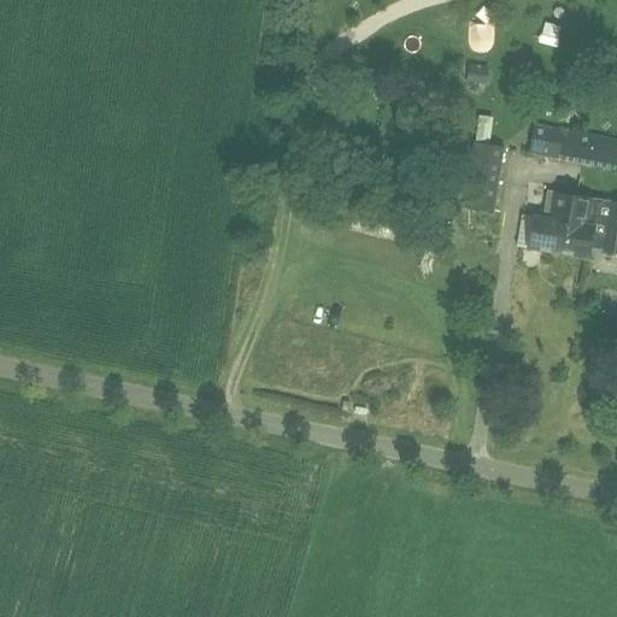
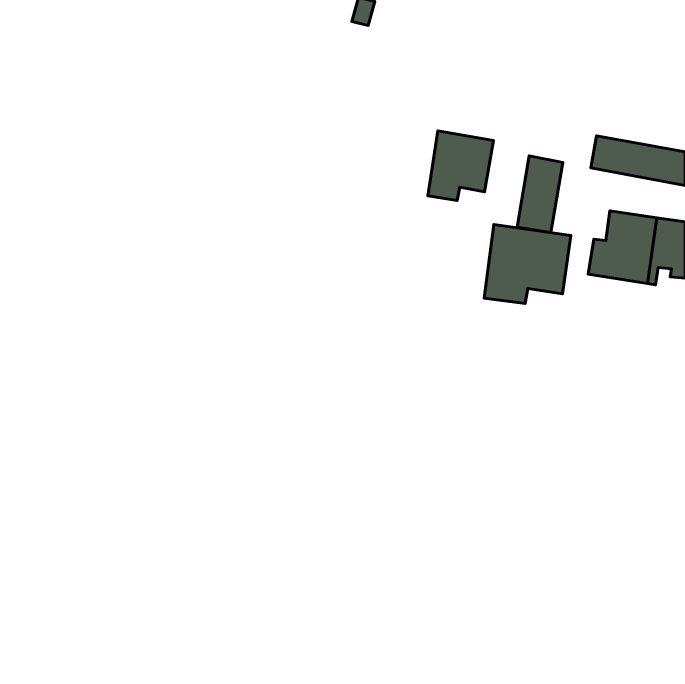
building: none -> [428,131,493,200]
building: none -> [484,224,571,304]

